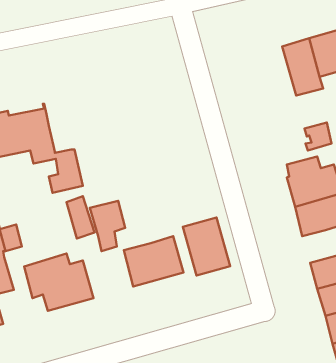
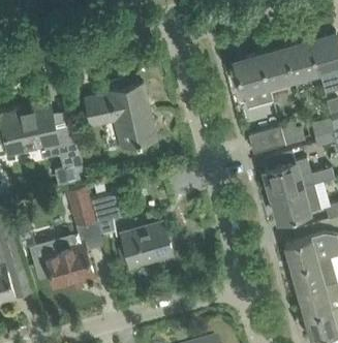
building: none -> [232,55,273,108]
building: none -> [86,85,156,148]
building: none -> [248,122,286,154]
building: [183,218,230,275] -> none

